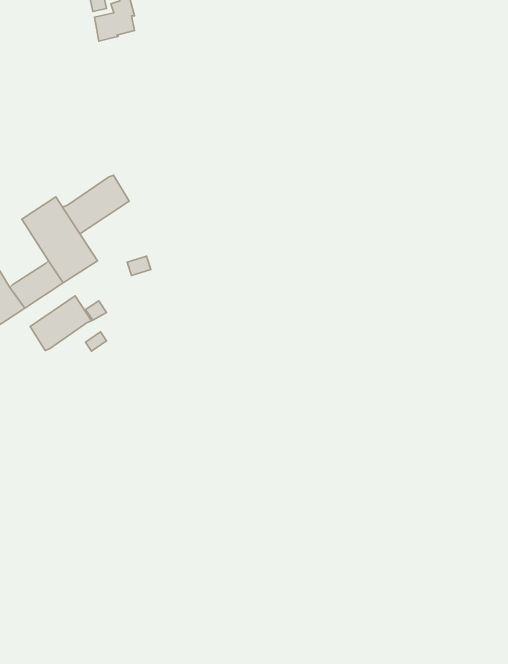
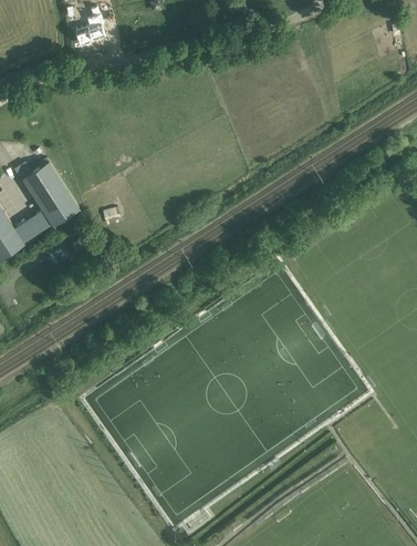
building: [63,175,129,234] -> none
building: [30,296,92,351] -> none

